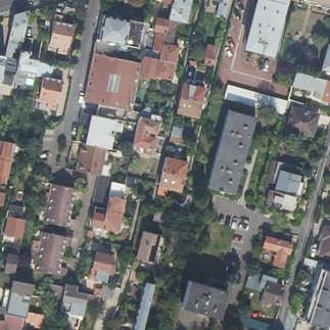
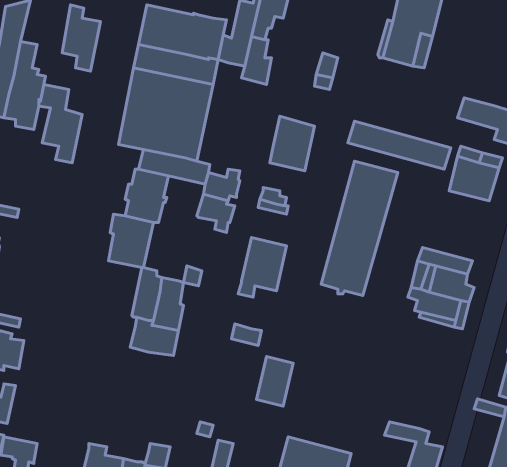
building: [148,50,175,80] -> none
building: [39,181,82,225] -> none
building: [29,229,72,273] -> none
building: [137,232,159,263] -> [257,356,293,406]
building: [263,233,293,267] -> none
building: [90,251,114,280] -> none

